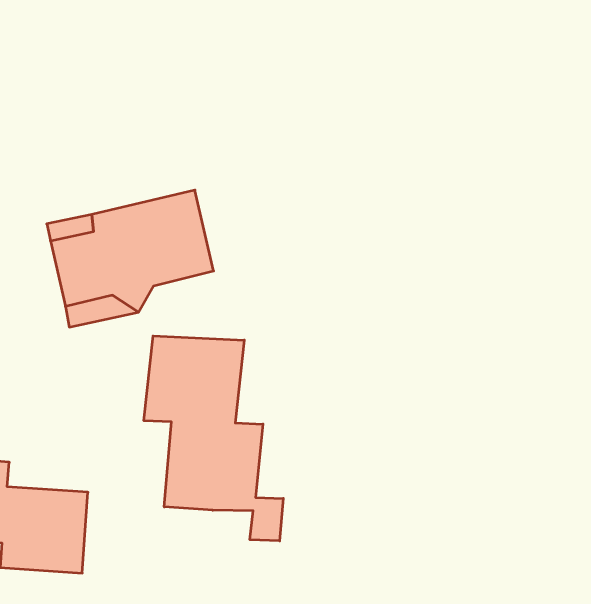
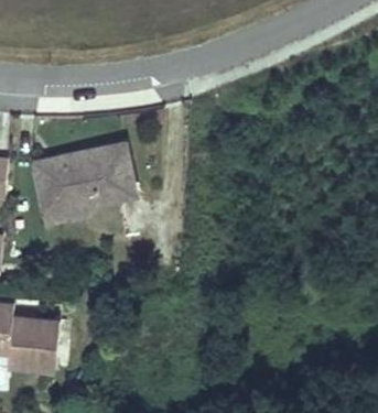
building: [144,336,283,541] -> none

